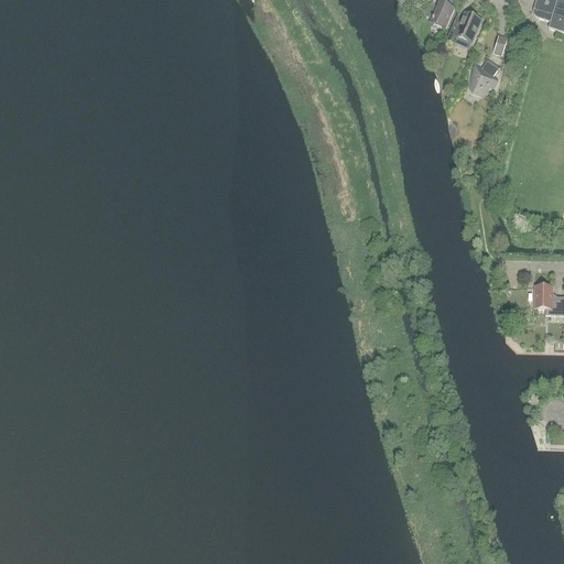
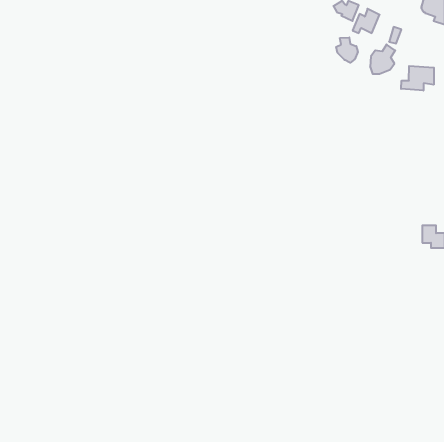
building: none -> [336,37,358,63]
building: none -> [401,66,434,91]

